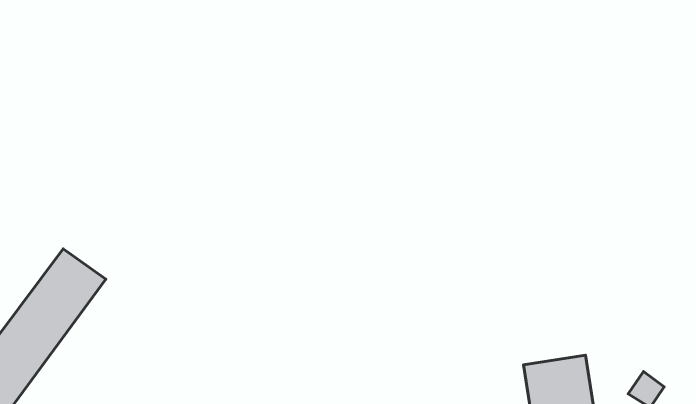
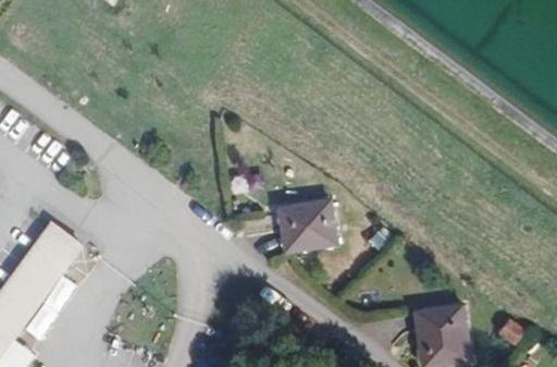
building: none -> [278,200,338,253]

